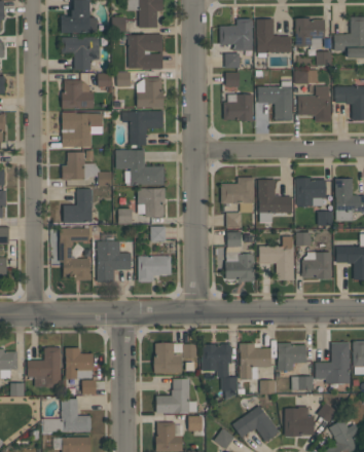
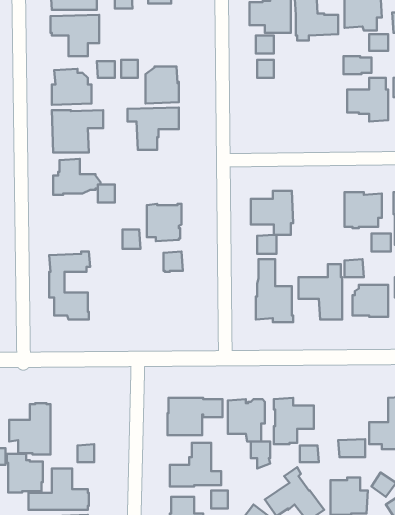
building: [129,34,163,70] -> none
building: [258,82,292,120] -> none
building: [223,95,253,121] -> none
building: [116,150,165,185] -> none
building: [258,180,292,224] -> none
building: [64,190,93,223] -> none
building: [97,234,131,283] -> none
building: [138,257,172,283] -> none
building: [278,343,307,371] -> none
building: [65,348,94,379] -> [7,454,43,492]

